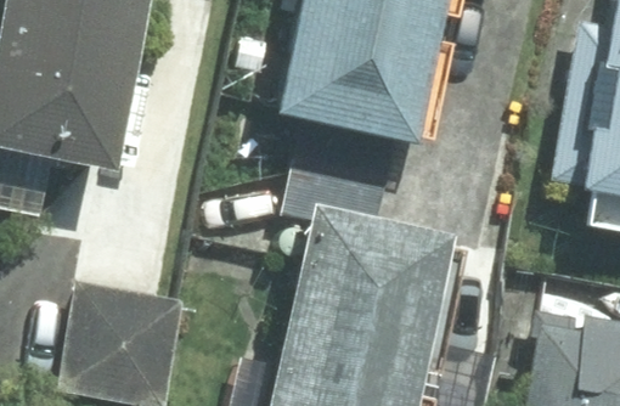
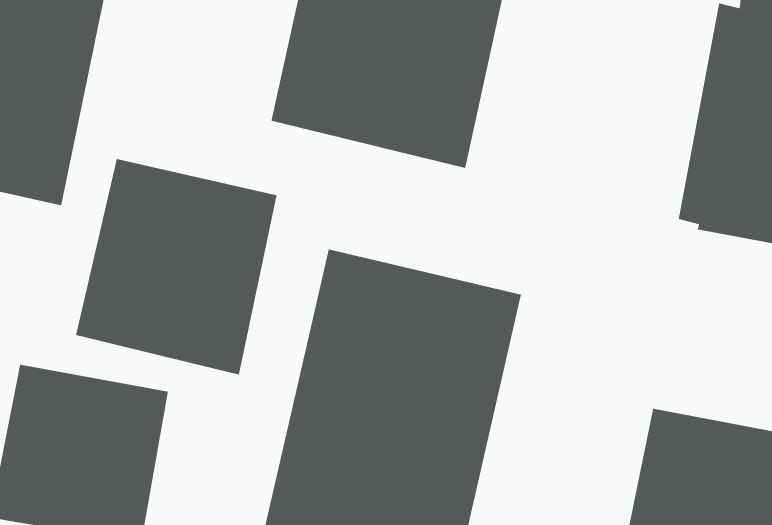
building: none -> [75,158,278,375]

